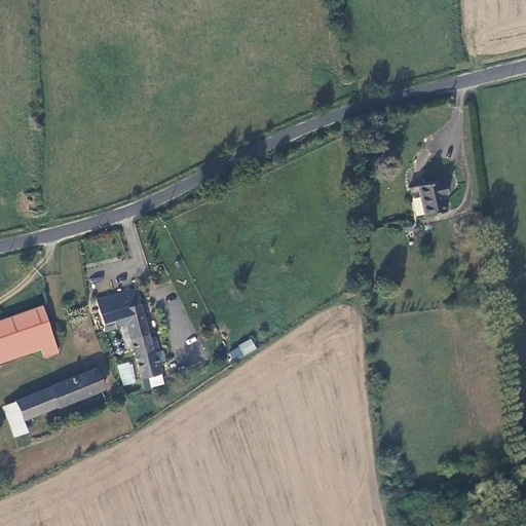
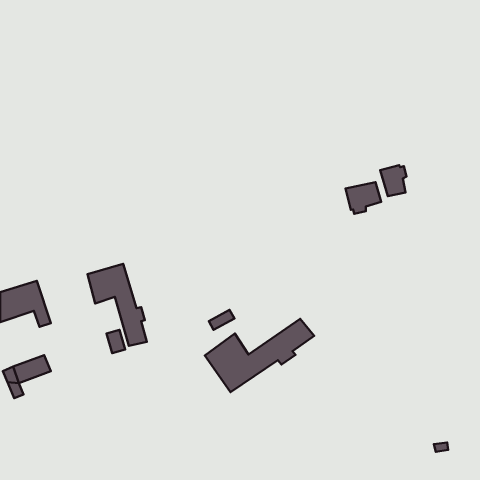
building: none -> [345,182,381,214]
building: none -> [205,319,314,392]
building: [49,369,104,408] -> none

